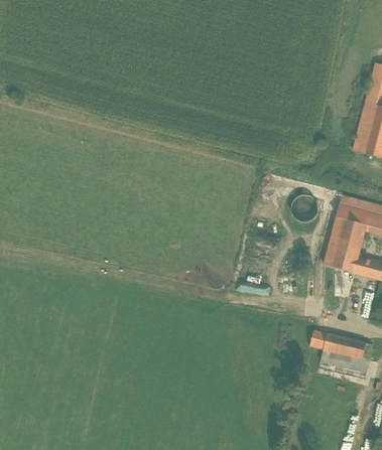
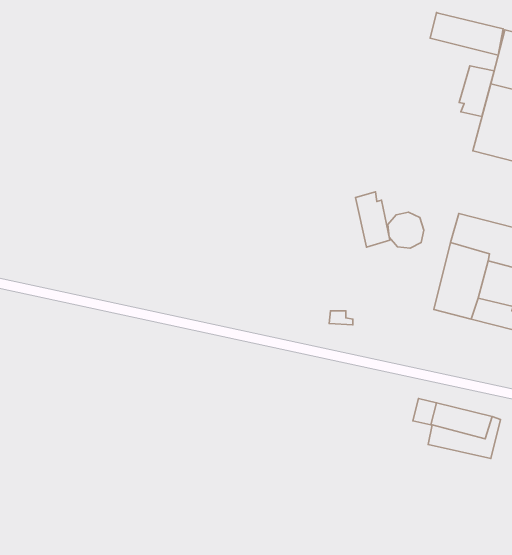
building: none -> [430,12,503,55]
building: none -> [459,66,494,117]
building: none -> [355,192,390,247]

